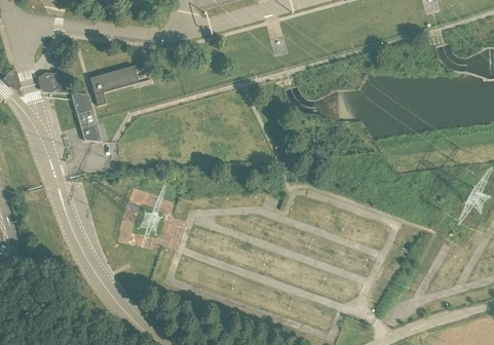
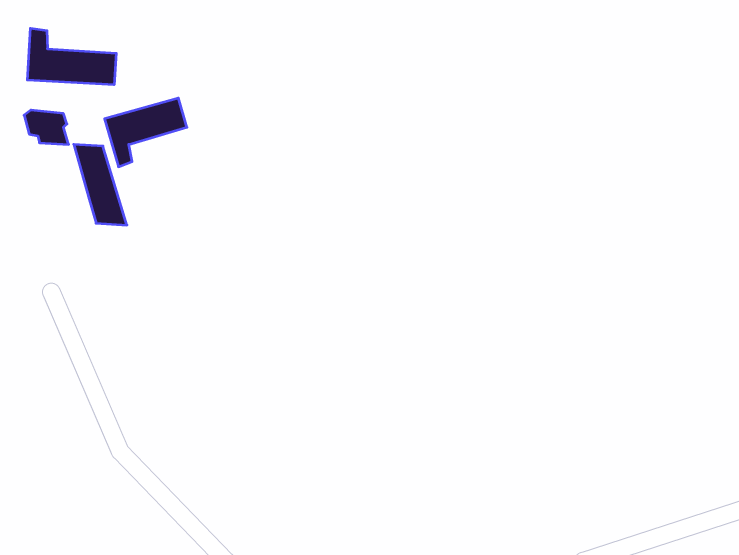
building: none -> [27,28,116,85]

